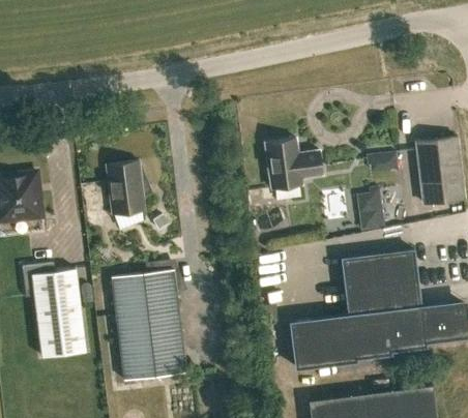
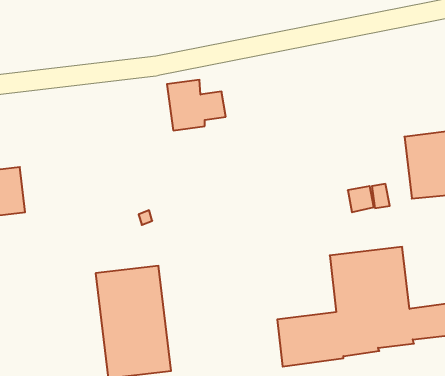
building: [265,140,323,189] -> [167,80,226,130]
building: [107,162,145,215] -> none
building: [23,264,86,358] -> none

